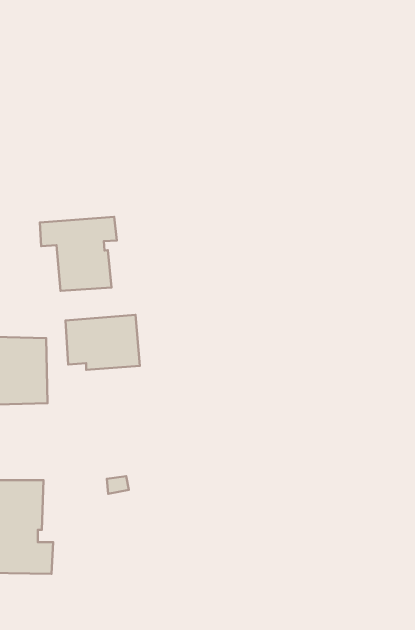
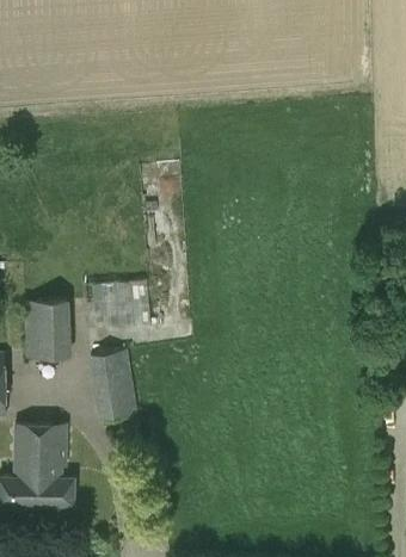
building: [40,217,117,291] -> none
building: none -> [90,351,139,423]

